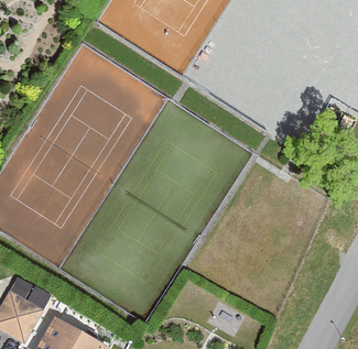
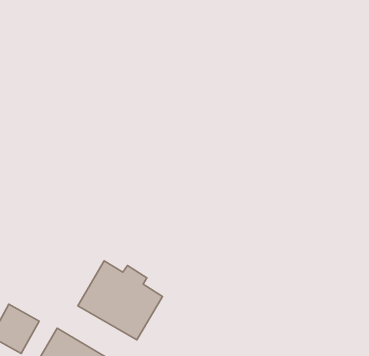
building: none -> [78,261,163,340]

